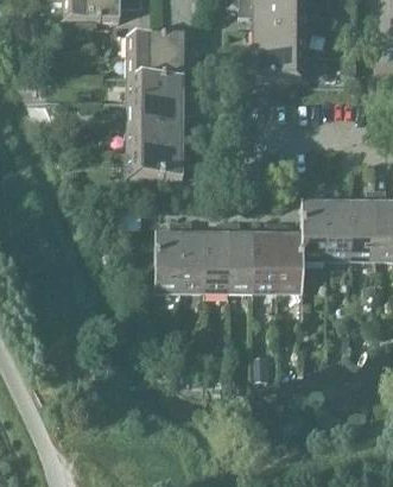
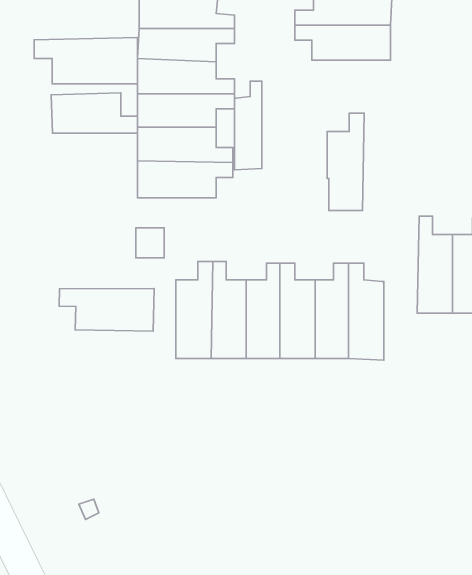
building: none -> [34,38,137,84]
building: none -> [235,81,262,170]
building: none -> [51,93,137,133]
building: [300,189,327,258] -> [327,113,364,210]
building: none -> [59,288,154,331]

